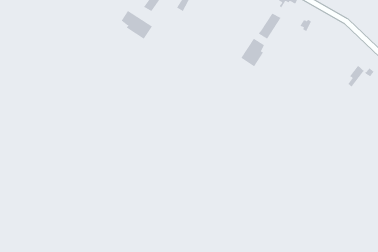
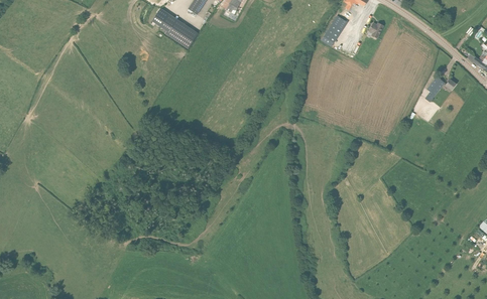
building: [240,38,265,67] -> none

